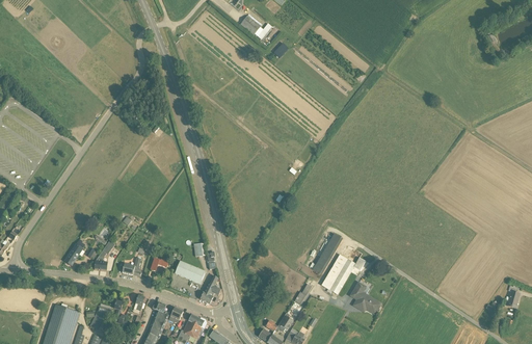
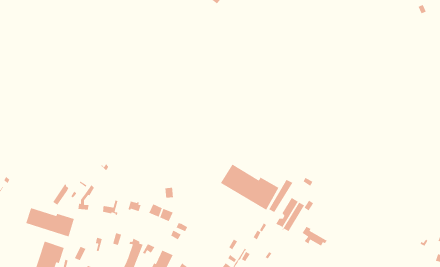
building: none -> [220,164,280,211]
building: none -> [25,207,75,238]

